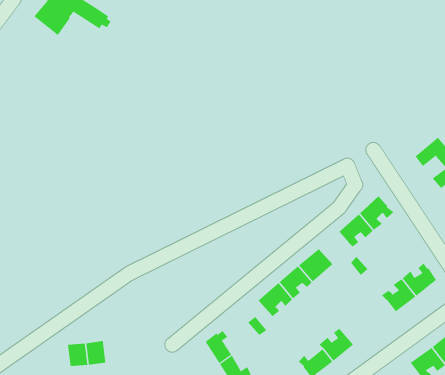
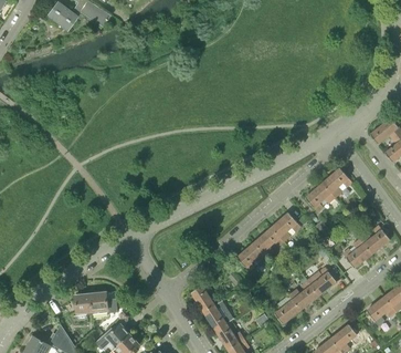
building: none -> [306,266,336,294]

